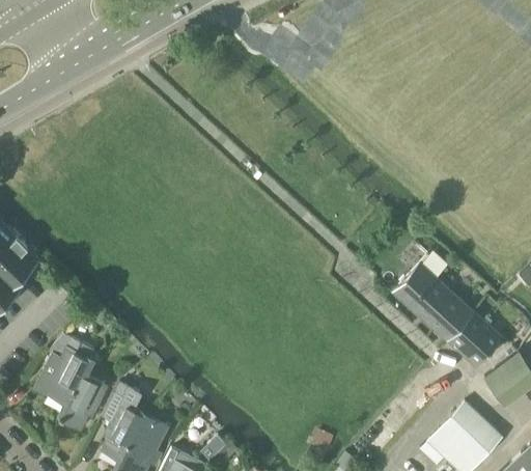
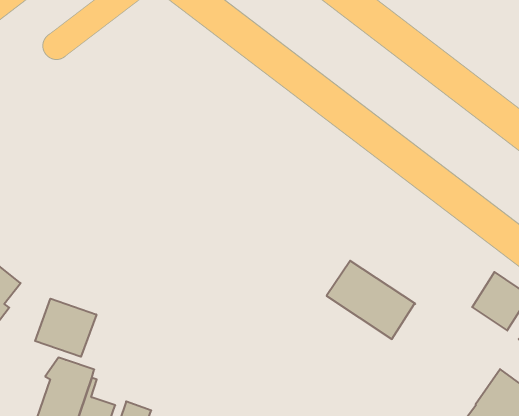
building: [393,265,473,341] -> [327,261,415,339]
building: none -> [35,299,96,357]

